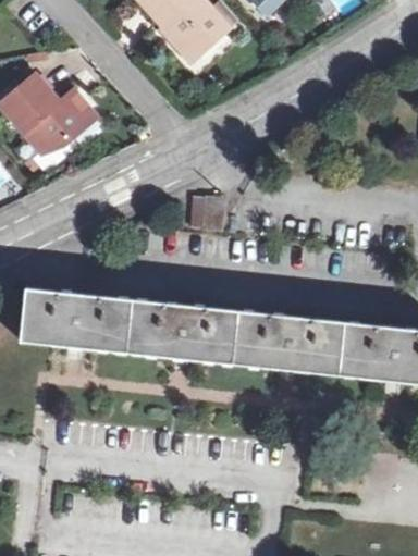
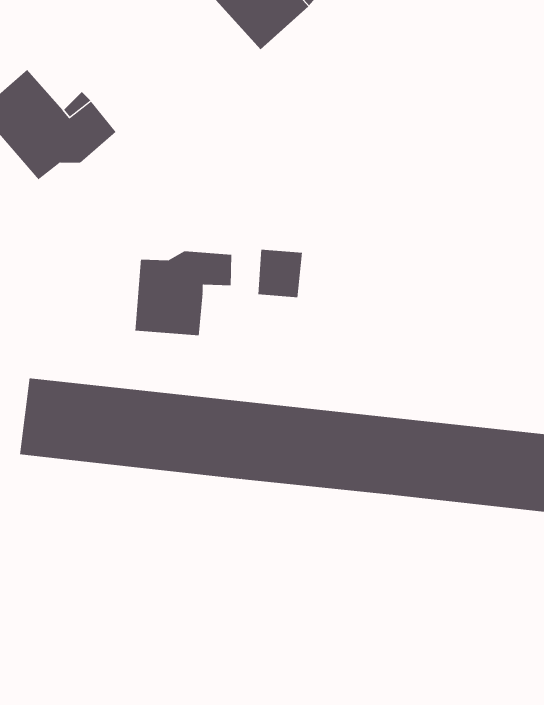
building: none -> [135,250,232,336]

